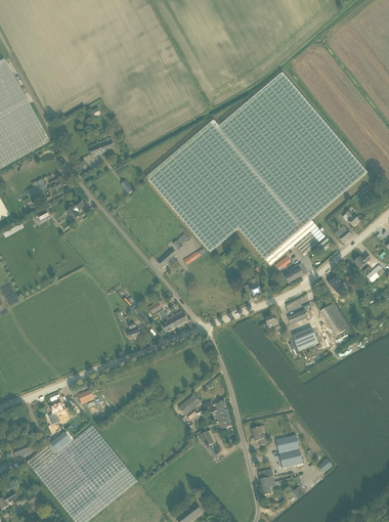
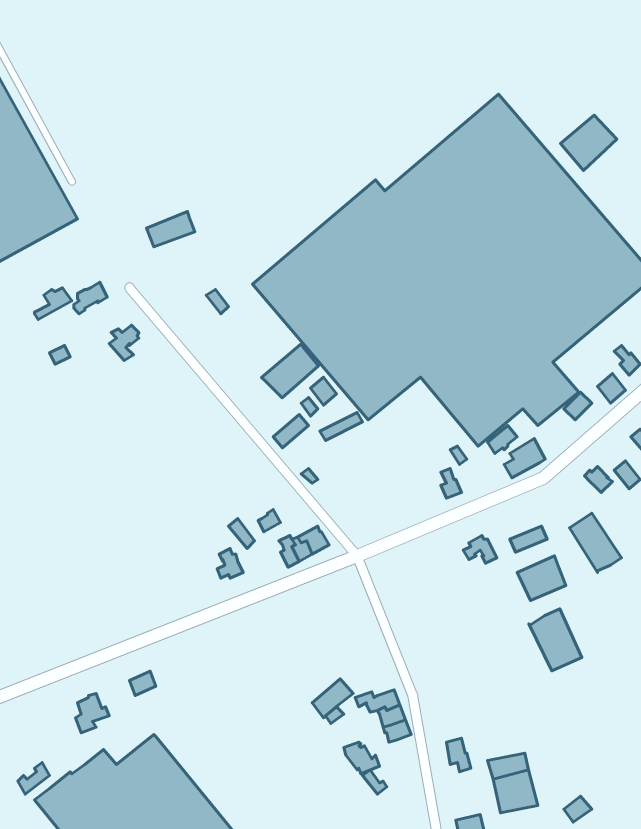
building: none -> [561,115,617,171]
building: none -> [262,344,319,398]
building: none -> [529,609,582,671]

